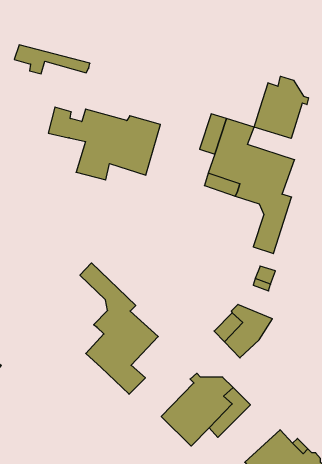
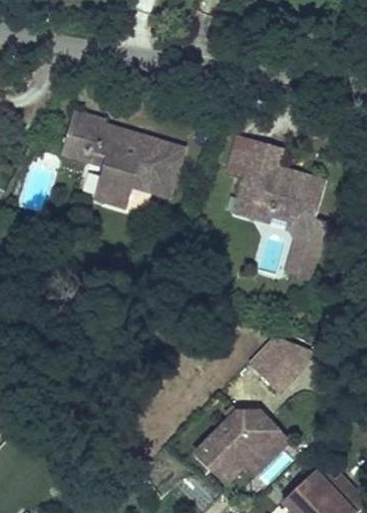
building: [14,45,90,74] -> [79,114,158,144]
building: [254,76,308,138] -> none
building: [80,263,158,394] -> none

